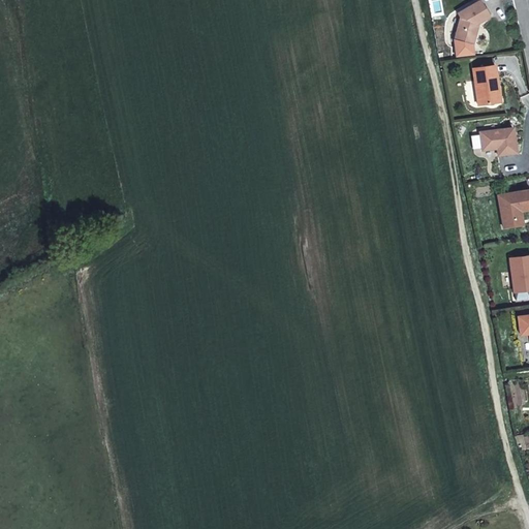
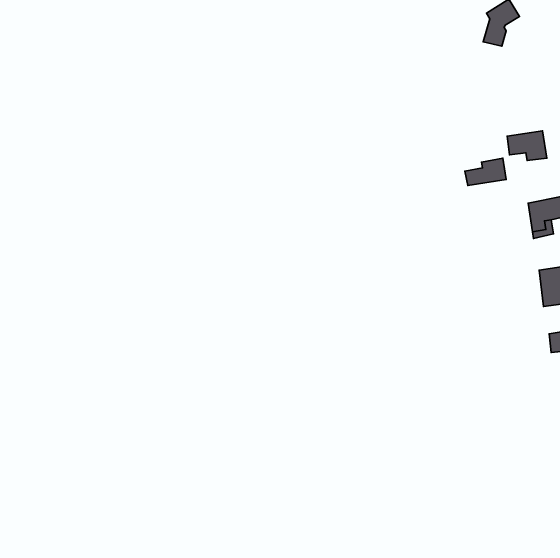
building: [474,67,500,107] -> none
building: none -> [465,158,506,185]

